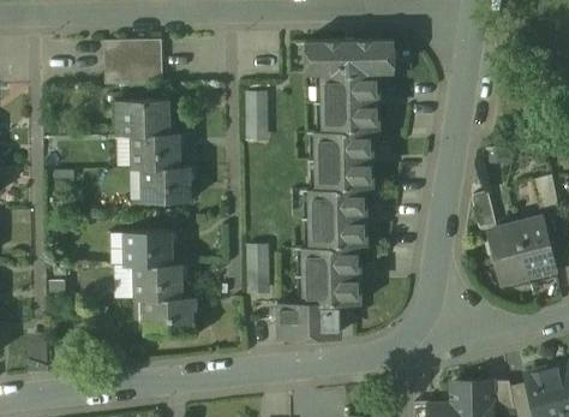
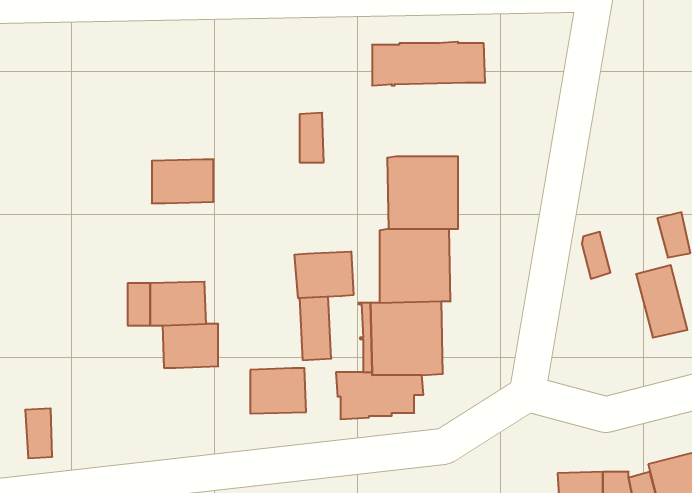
building: [106,37,166,83] -> none
building: [323,72,379,131] -> none
building: [115,100,170,135] -> none
building: [140,167,190,202] -> none
building: none -> [295,251,353,298]
building: [489,225,528,282] -> none
building: [149,298,193,334] -> [250,368,306,414]

